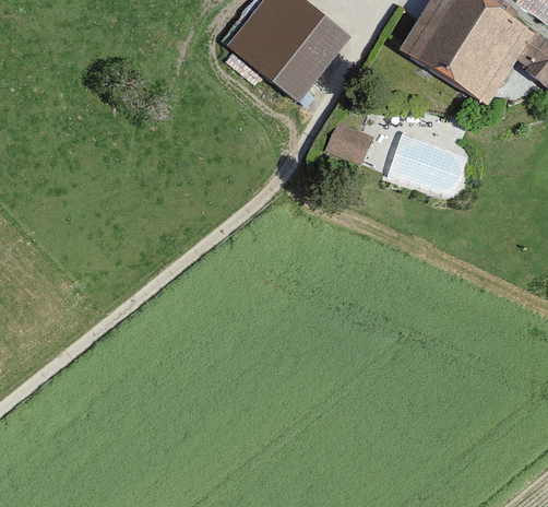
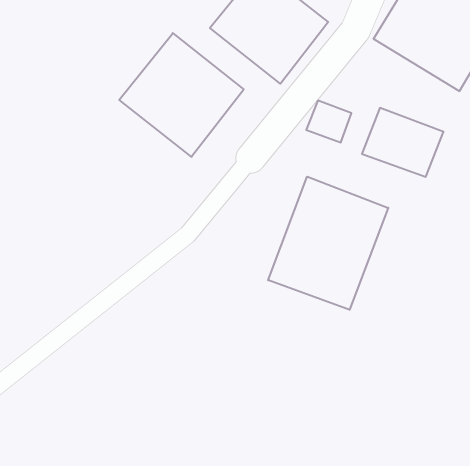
building: none -> [119,33,244,157]
building: none -> [268,177,388,310]

